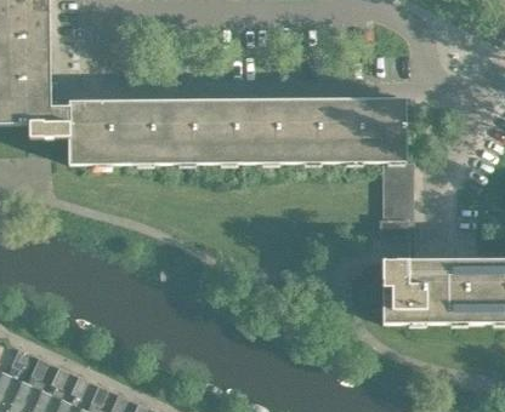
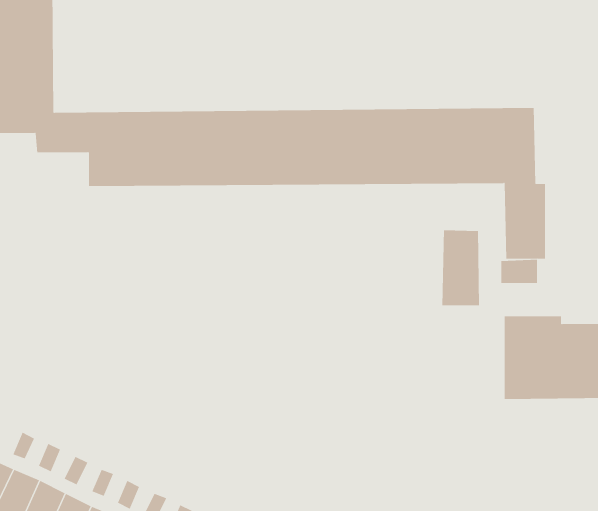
building: none -> [442,229,480,306]

